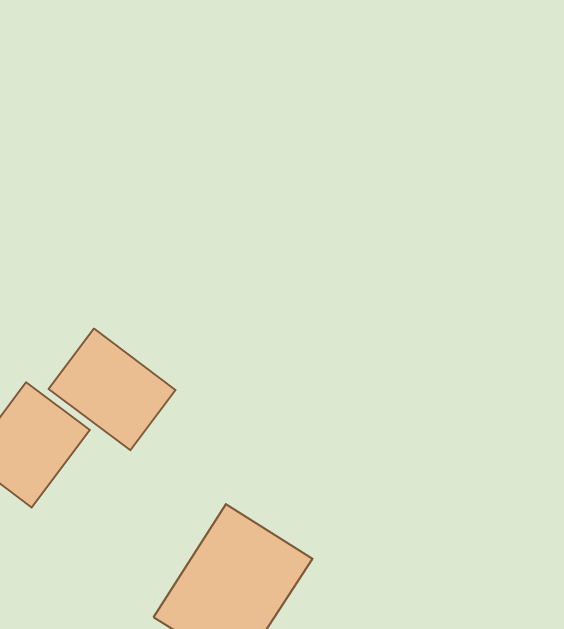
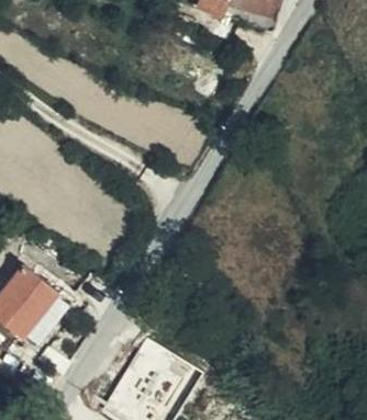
building: [49,329,176,450] -> none

